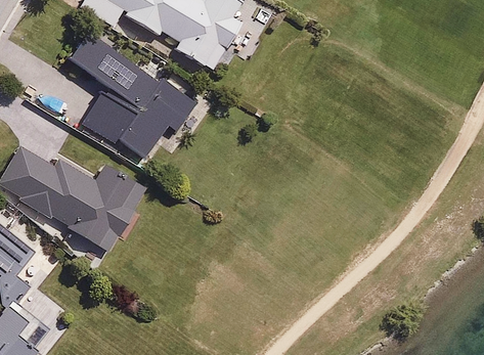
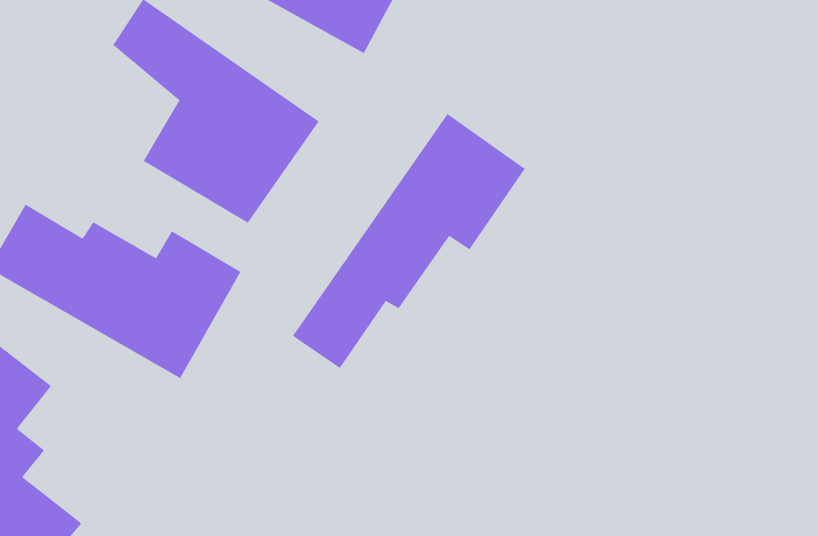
building: none -> [292,113,525,369]

